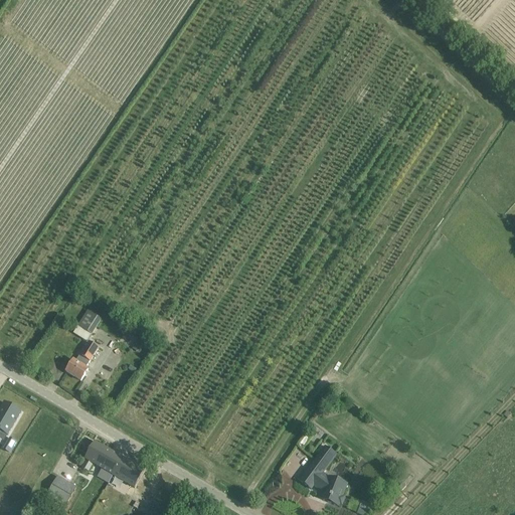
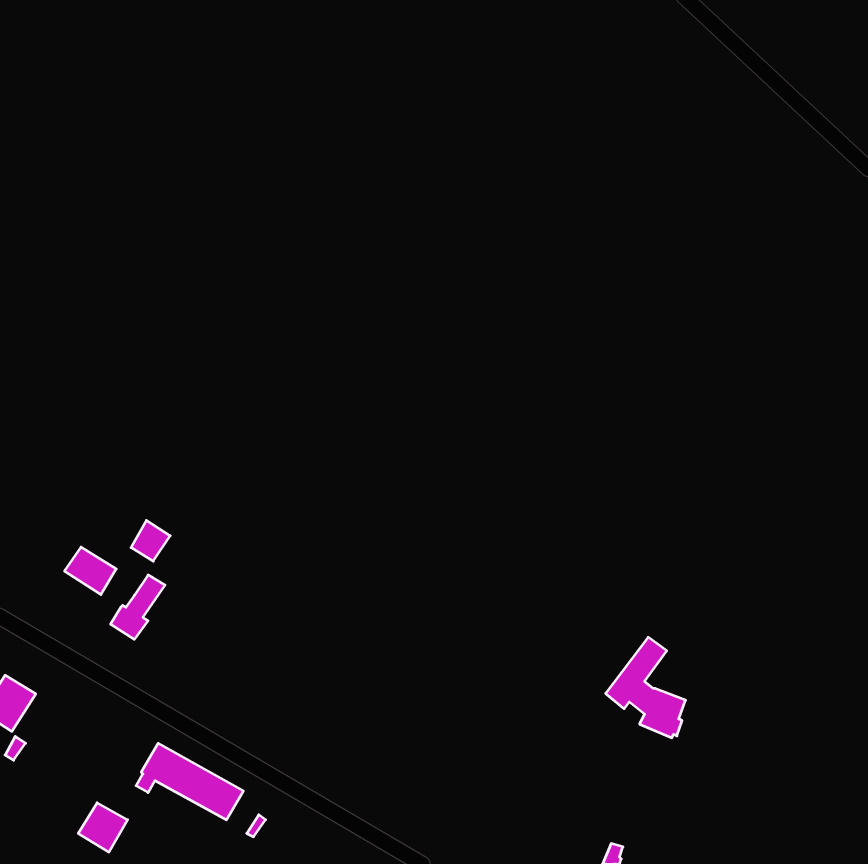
building: none -> [65,547,116,595]
building: [299,445,346,504] -> [606,637,686,738]

